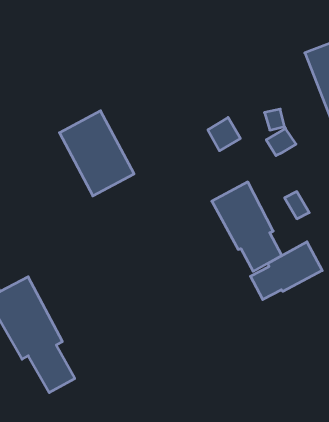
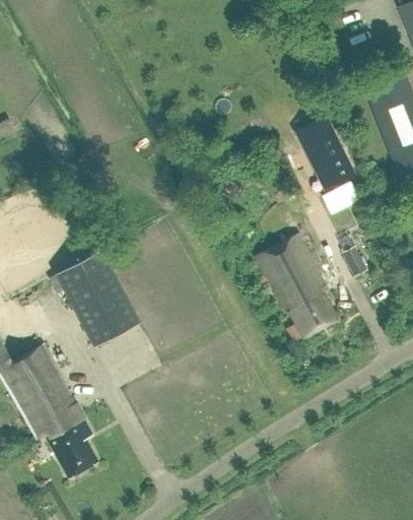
building: [59,111,134,196] -> [56,249,142,347]
building: [208,117,240,151] -> [294,121,332,159]
building: [250,242,322,300] -> none

